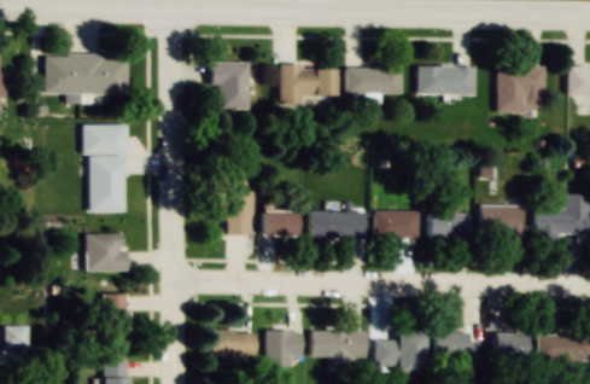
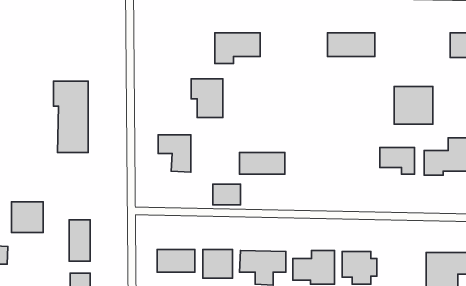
building: [45,53,127,93] -> none
building: [210,62,249,109] -> [191,79,223,118]
building: [345,65,402,93] -> none
building: [497,65,544,111] -> [394,87,433,124]
building: [263,210,297,235] -> [213,184,241,205]
building: [375,210,419,237] -> none
building: [428,213,471,238] -> none
building: [86,233,124,270] -> [12,202,43,233]
building: [492,332,526,365] -> none

